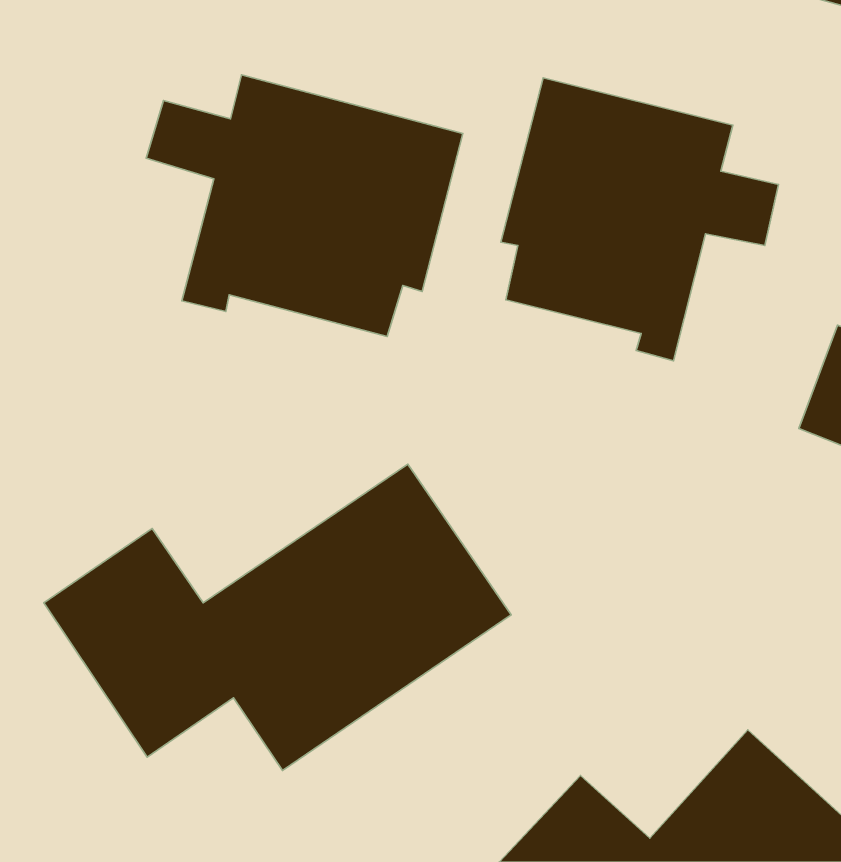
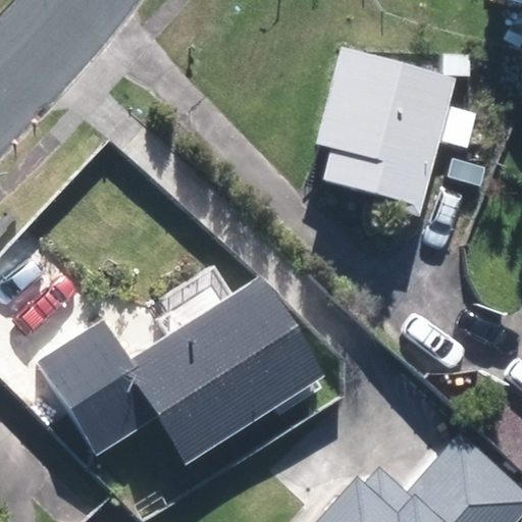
building: [146,75,463,337] -> none

